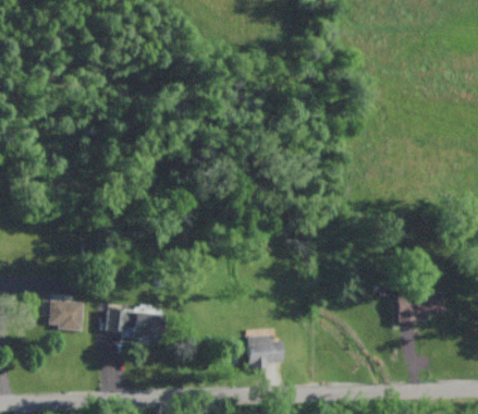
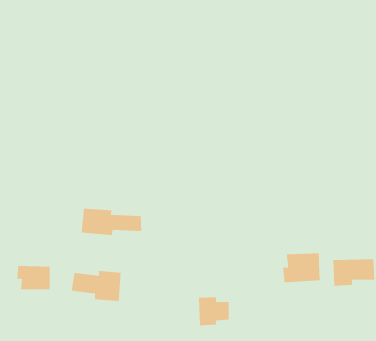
building: none -> [81,208,142,236]
building: none -> [282,253,320,283]

